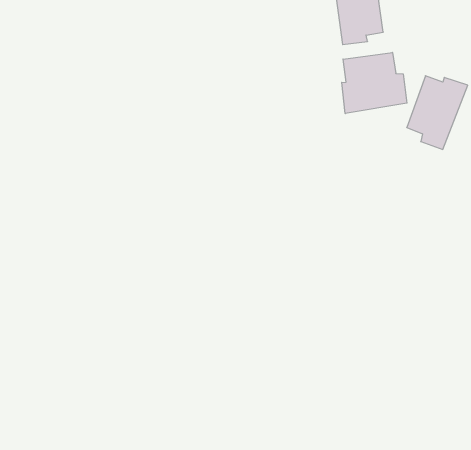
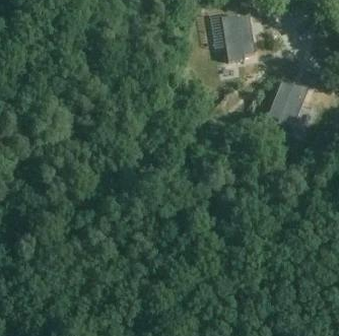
building: [342,52,407,114] -> none

